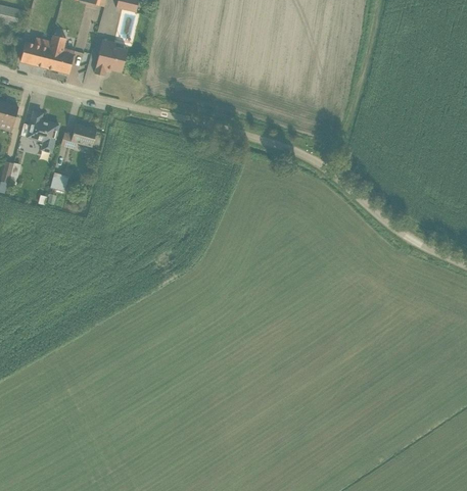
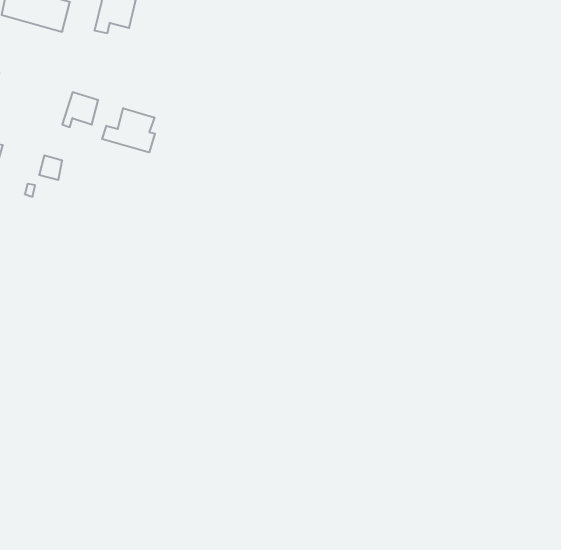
building: [27,110,58,152] -> none
building: none -> [102,108,155,152]

